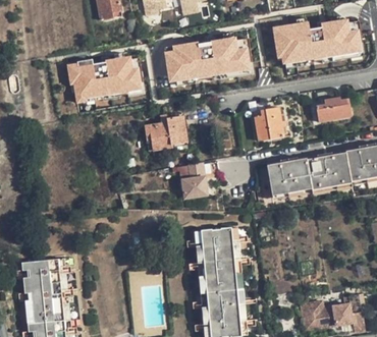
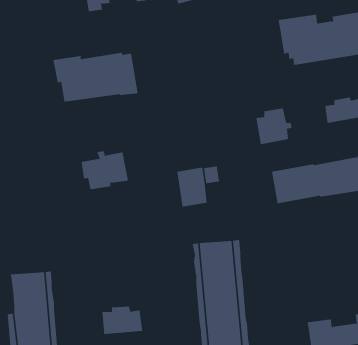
building: [164,37,255,85] -> none
building: [145,114,188,150] -> [81,151,129,190]
building: none -> [102,306,143,335]

